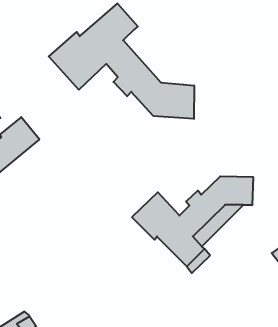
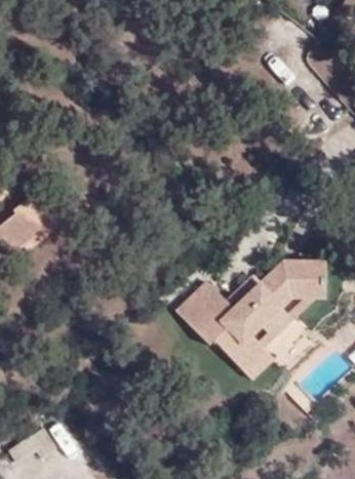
building: [49,3,194,119] -> none

